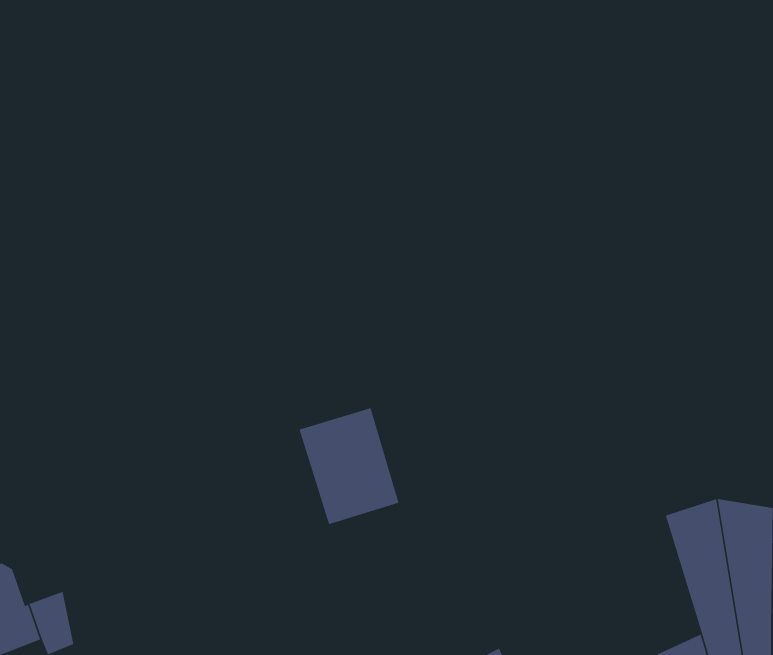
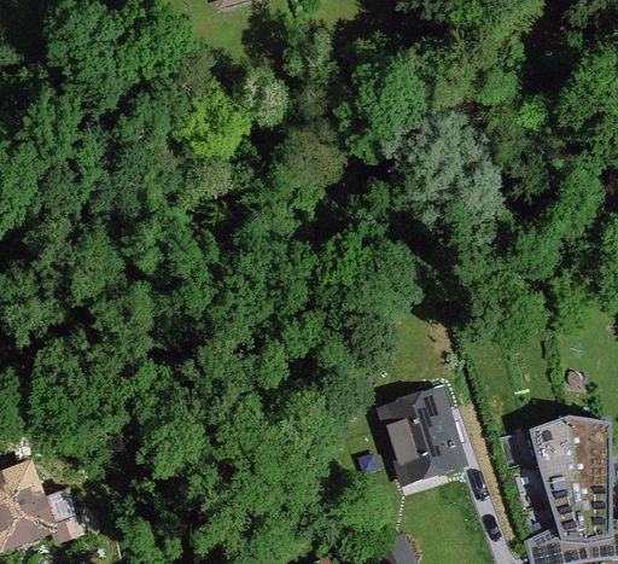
building: [299,407,399,525] -> [383,389,460,479]

